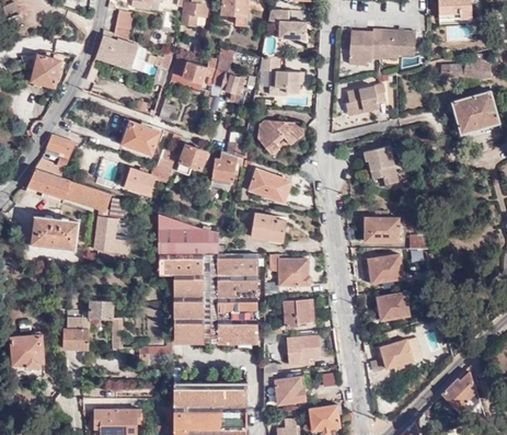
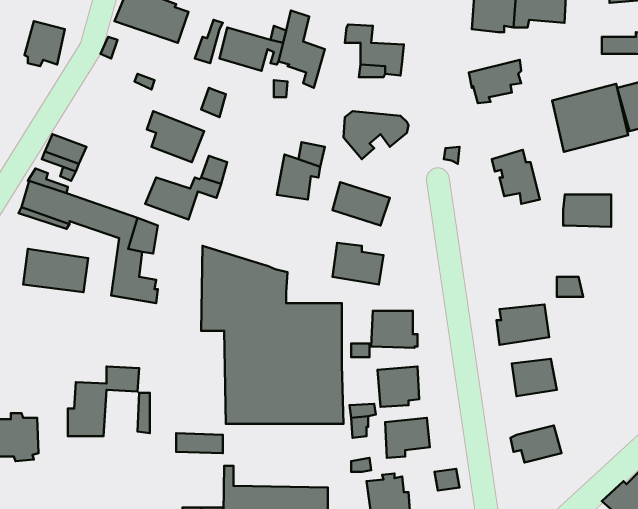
building: none -> [552,84,628,152]
building: [176,146,206,175] -> none
building: [364,219,397,242] -> [563,194,611,227]

